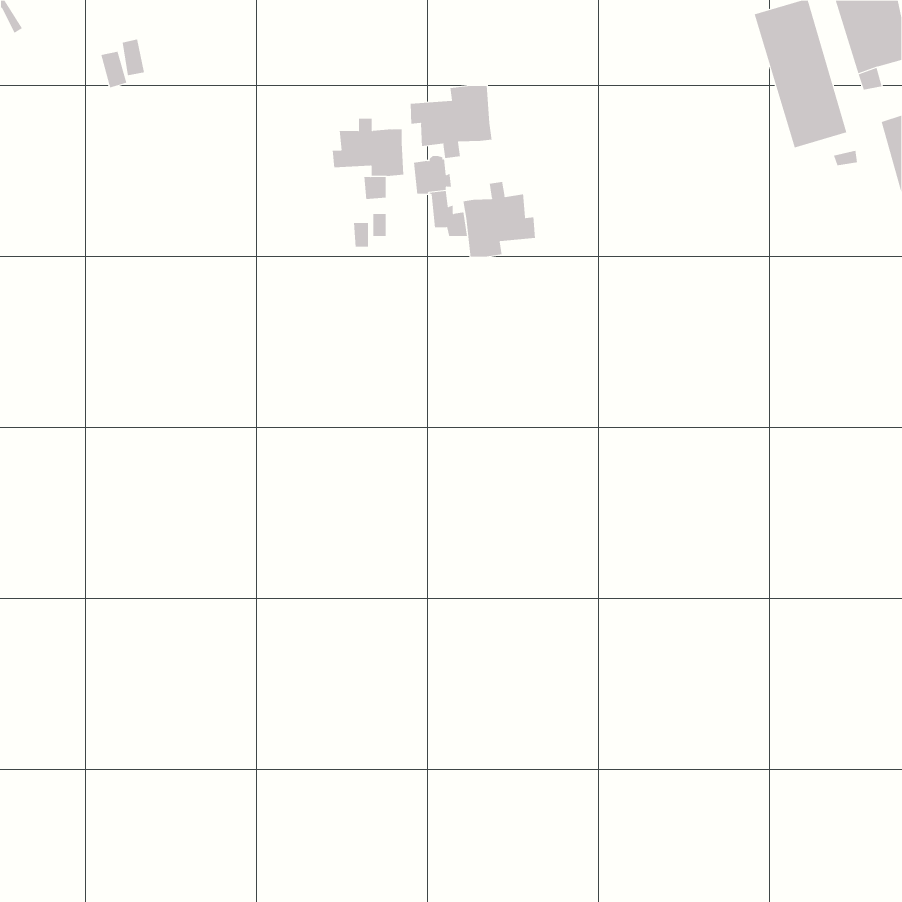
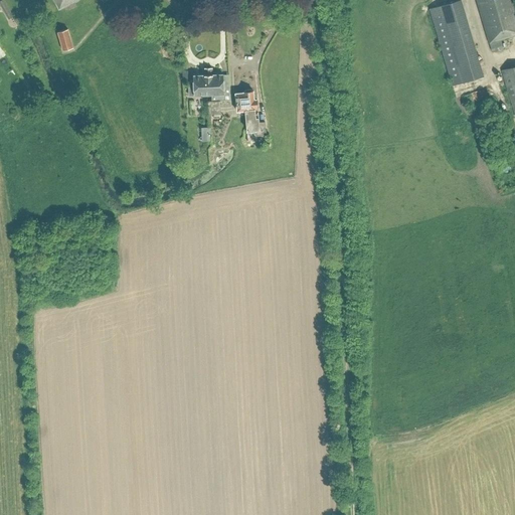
building: [410,85,492,159] -> none
building: [463,181,536,258] -> none

